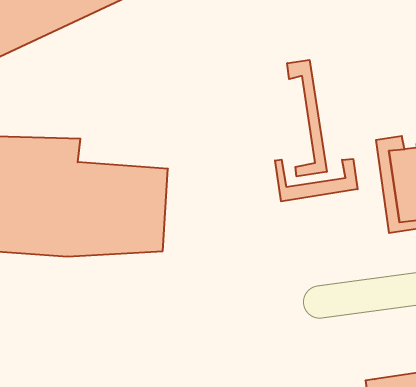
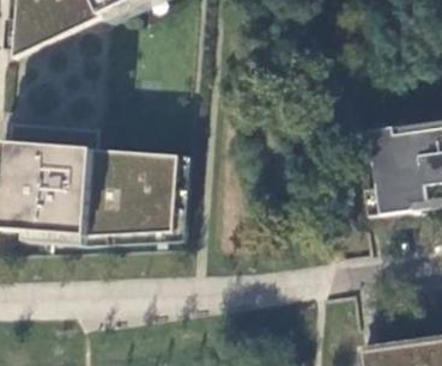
building: [287,60,327,176] -> none
building: [275,159,358,201] -> none

